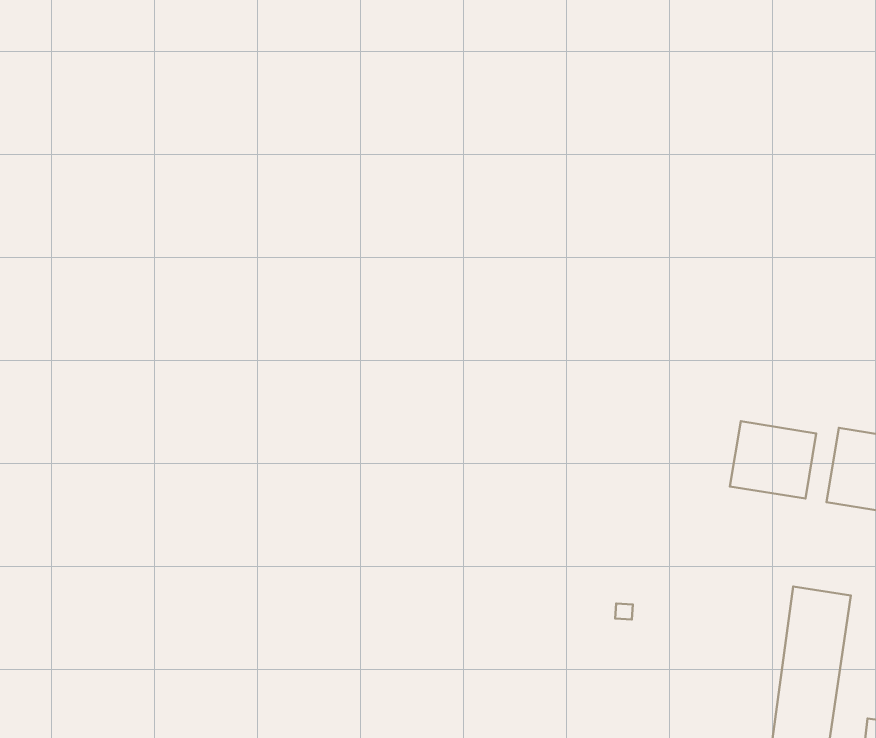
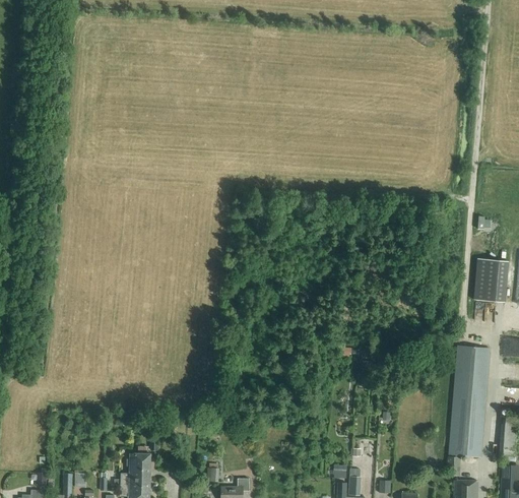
building: [730,421,816,499] -> none

